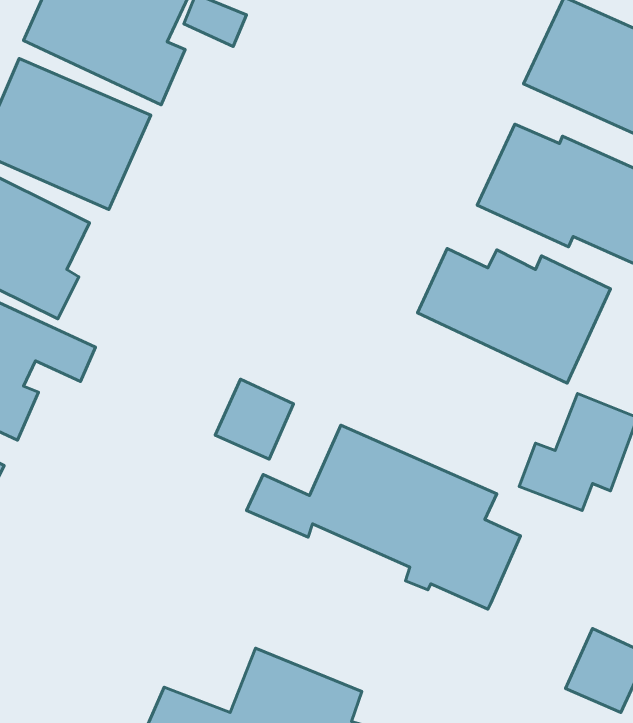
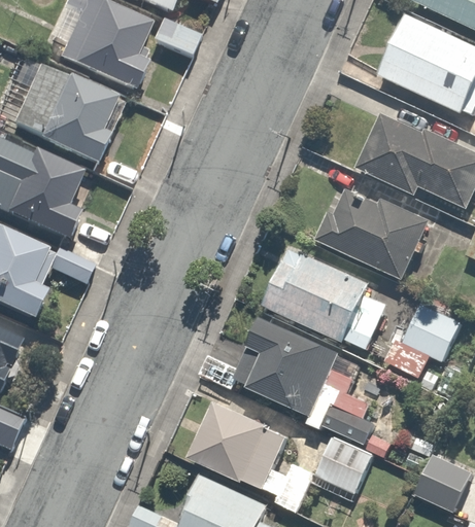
building: none -> [261,245,386,348]
building: [215,379,294,459] -> none
building: none -> [184,393,300,493]
building: none -> [310,434,372,501]

